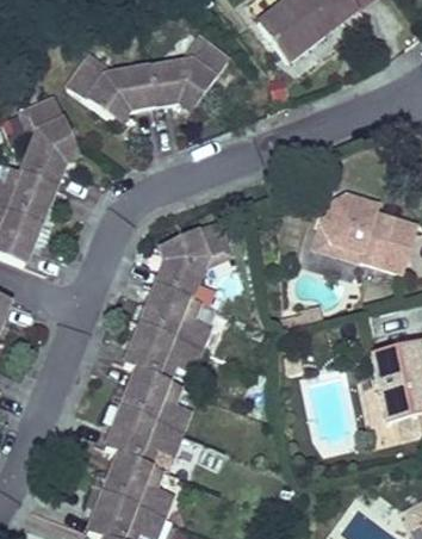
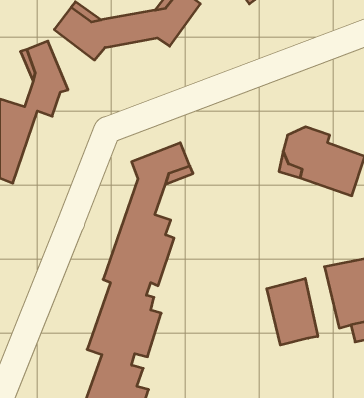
building: none -> [267,278,318,345]

